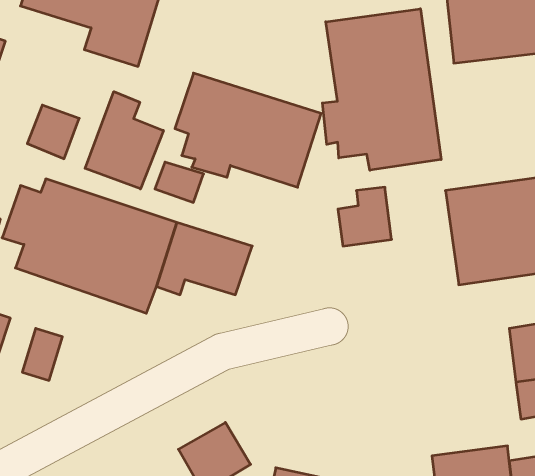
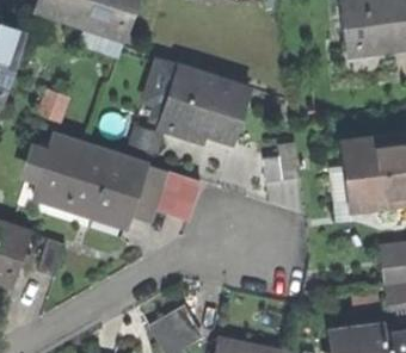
building: [322,9,441,170] -> none
building: [85,92,163,189] -> none

